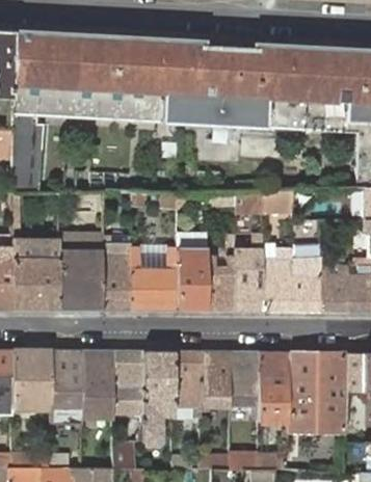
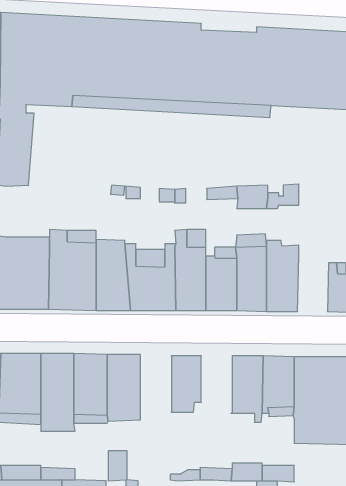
building: [292,244,321,311] -> none
building: [144,351,174,443] -> none
building: [201,352,231,411] -> none

